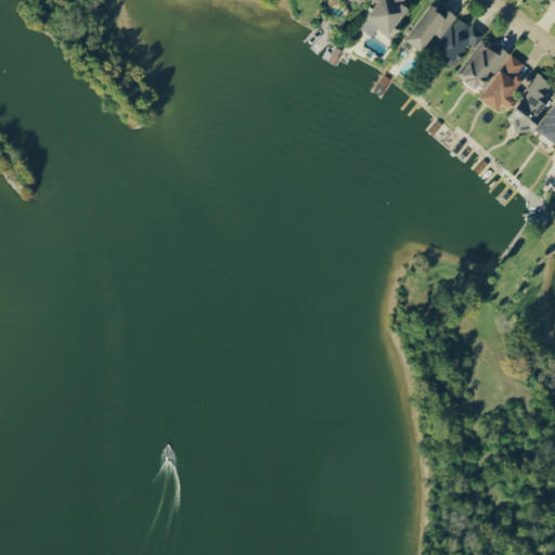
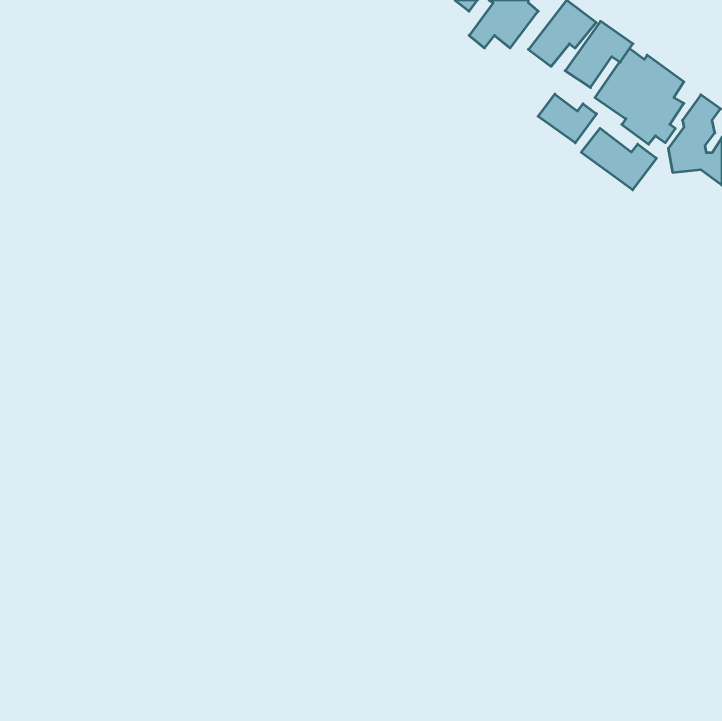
building: none -> [538,94,597,143]
building: none -> [581,128,656,190]

